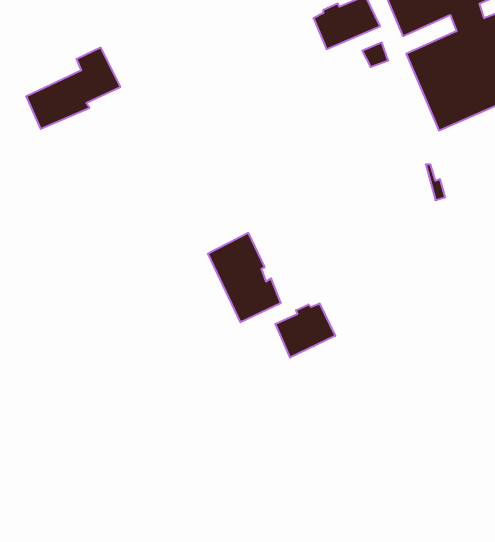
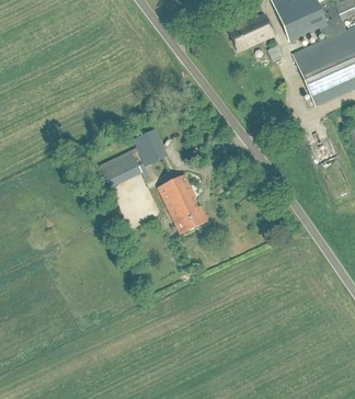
building: [26,48,120,129] -> [99,130,162,185]
building: [275,303,335,358] -> none

